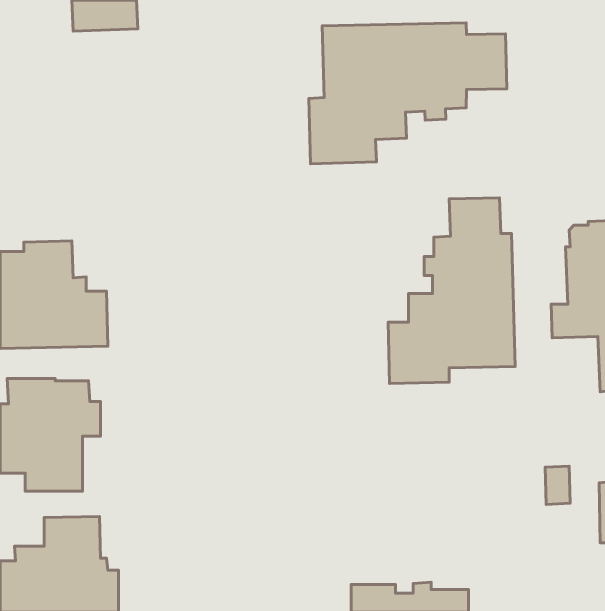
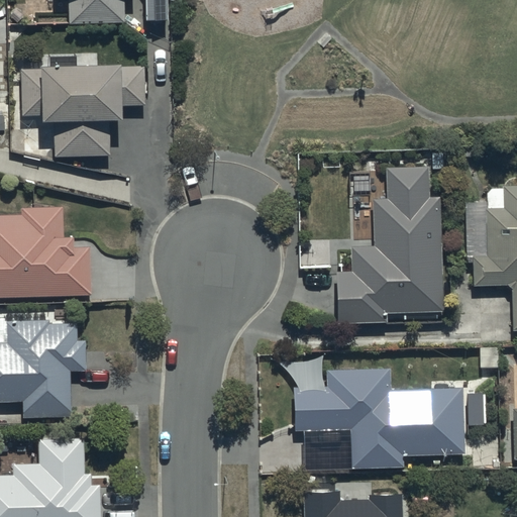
building: [309,23,507,164] -> none
building: none -> [20,67,144,158]
building: none -> [291,372,459,470]

